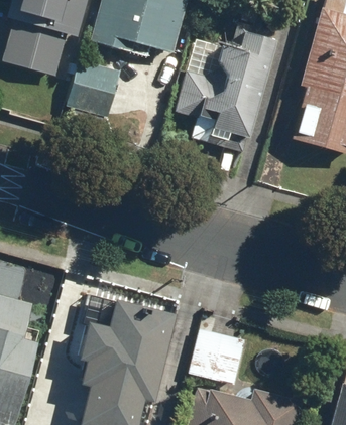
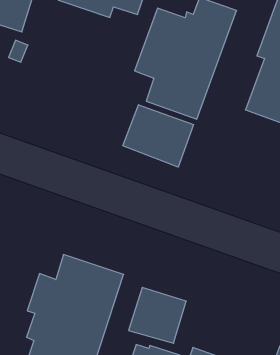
building: [66,58,119,116] -> none
building: none -> [123,105,193,167]

